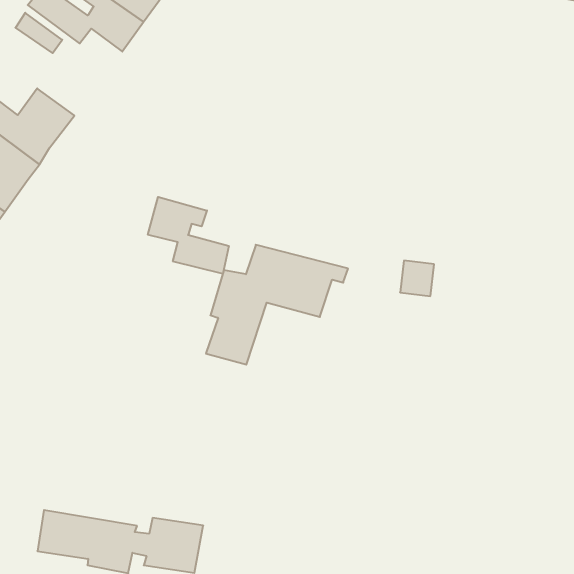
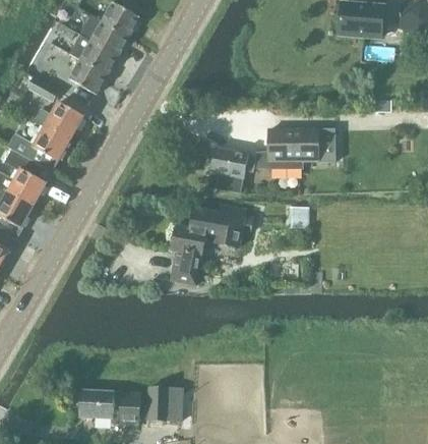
building: none -> [37,102,83,138]
building: none -> [209,128,335,192]
building: [148,197,229,274] -> none

